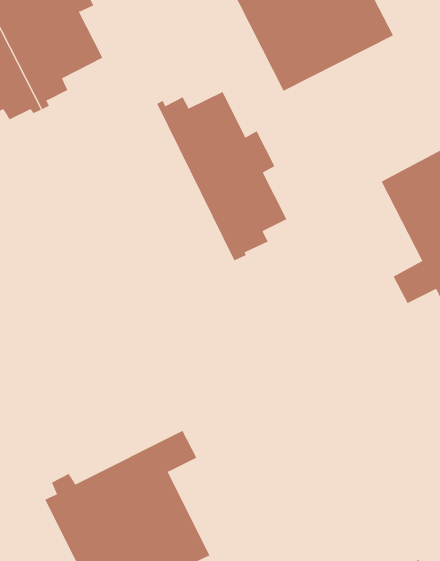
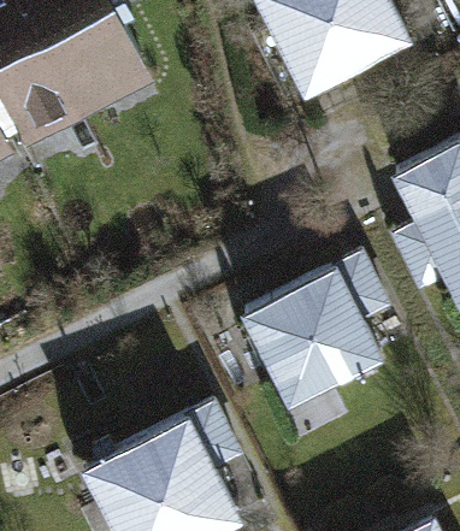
building: [156,91,287,261] -> none
building: none -> [244,271,387,406]

